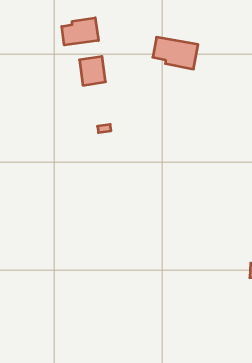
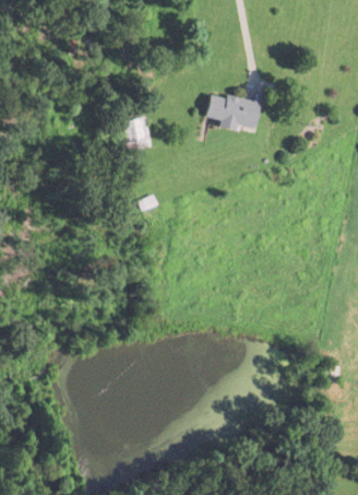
building: [62,18,98,45] -> none

